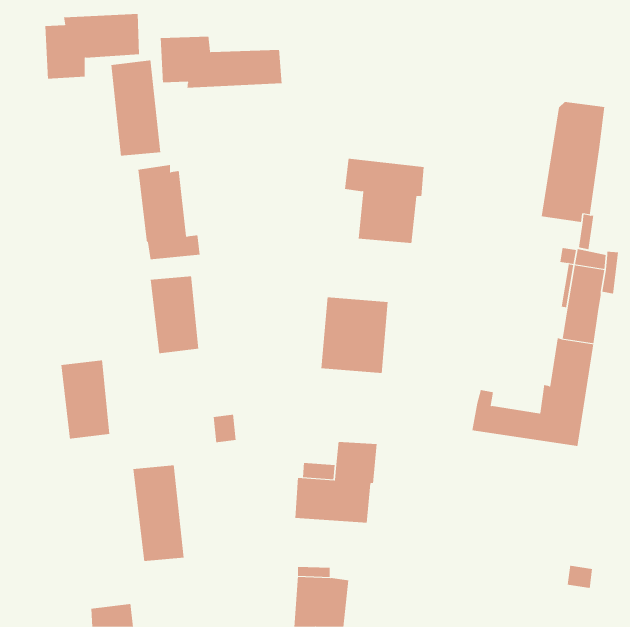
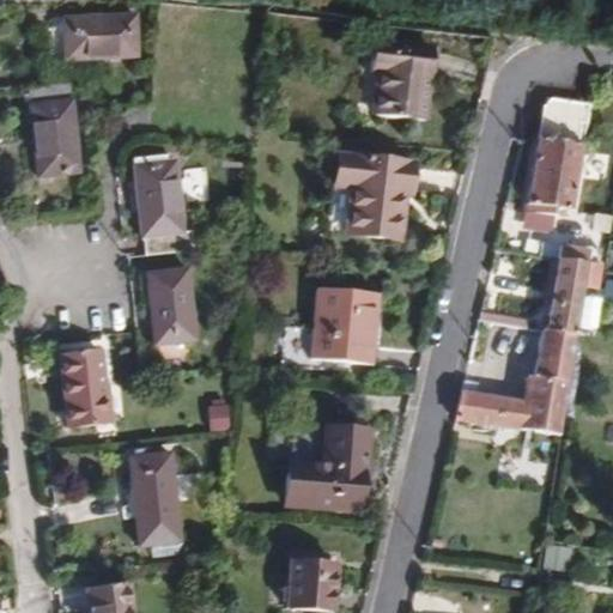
building: [160,36,282,89] -> none
building: none -> [369,40,435,120]
building: [110,60,161,156] -> [30,80,79,174]

